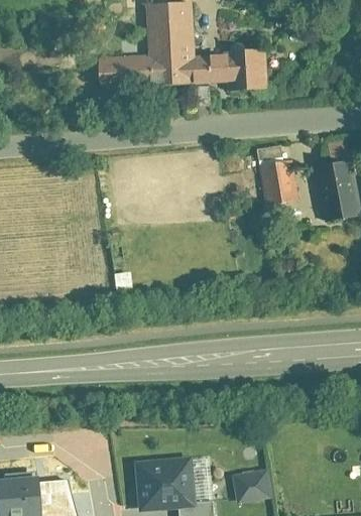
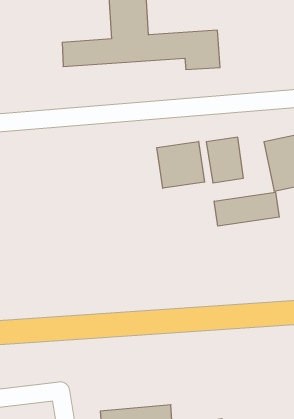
building: none -> [157,141,205,188]
building: none -> [214,192,279,226]

